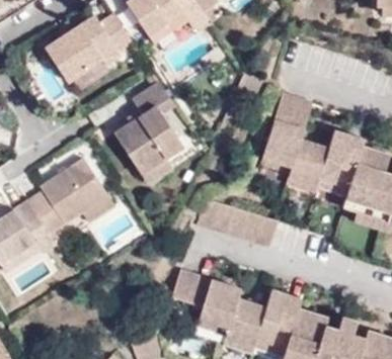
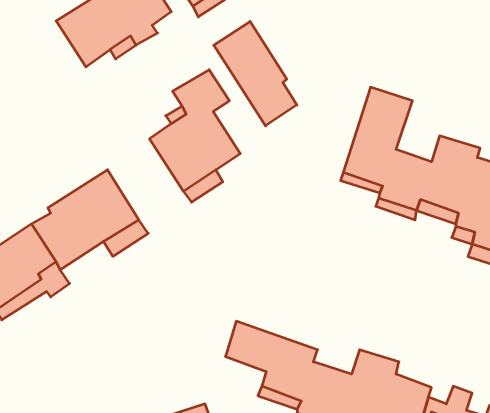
building: none -> [214,21,297,126]
building: [195,200,278,250] -> none

